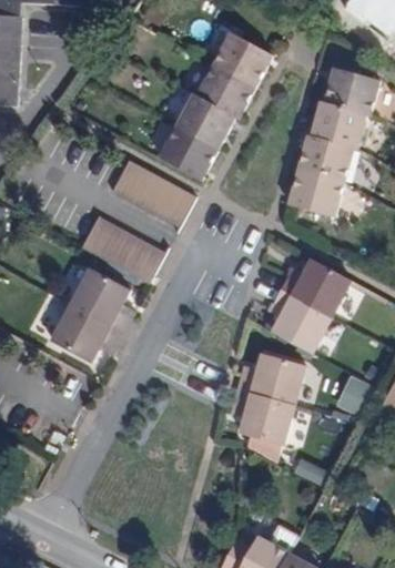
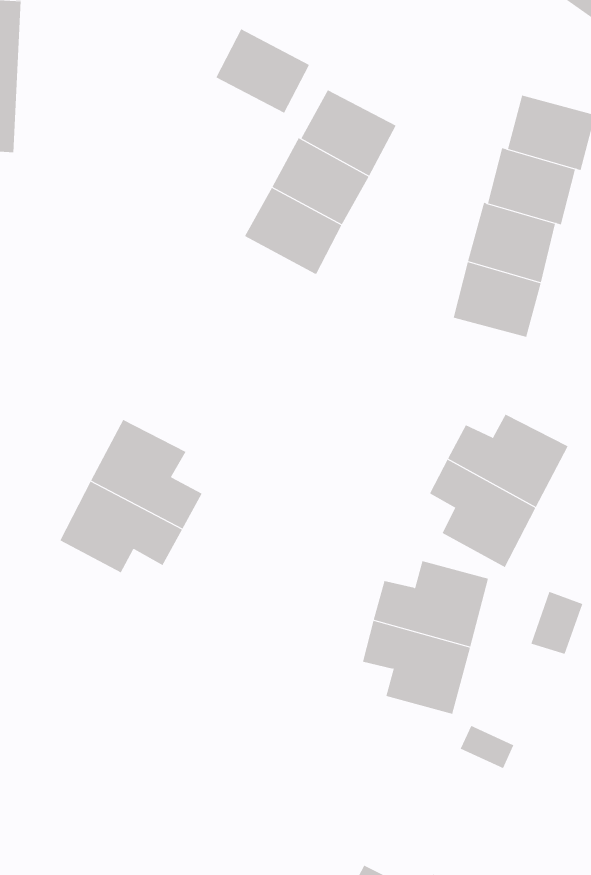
building: [210,36,267,88] -> [216,28,310,114]
building: [112,163,192,226] -> none
building: [81,222,160,284] -> none

